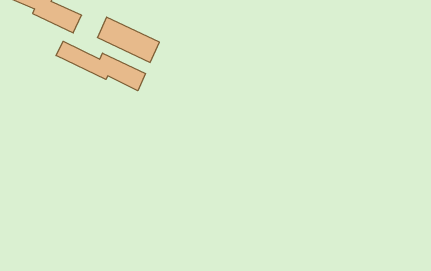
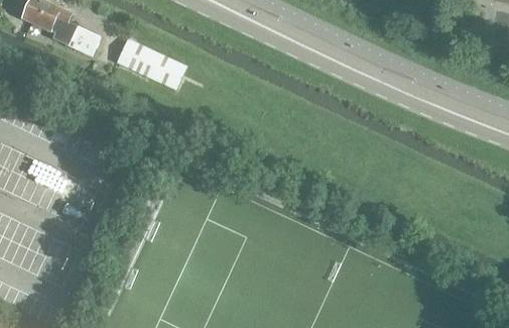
building: [56,41,145,91] -> none

